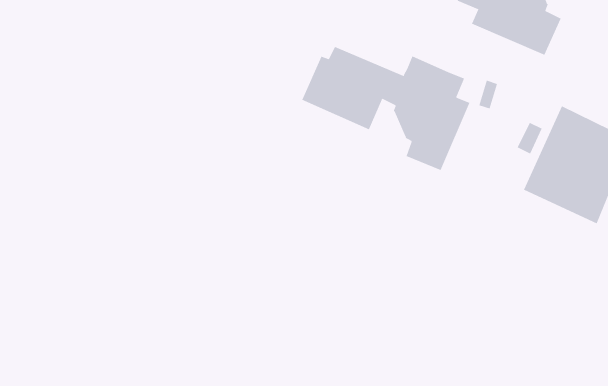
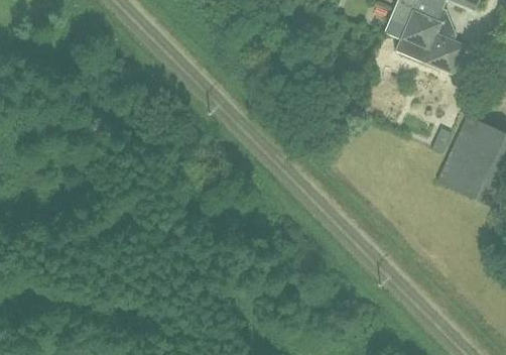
building: [301,46,470,171] -> none

